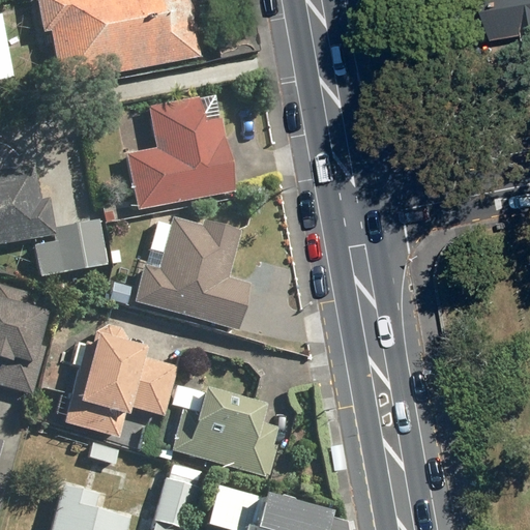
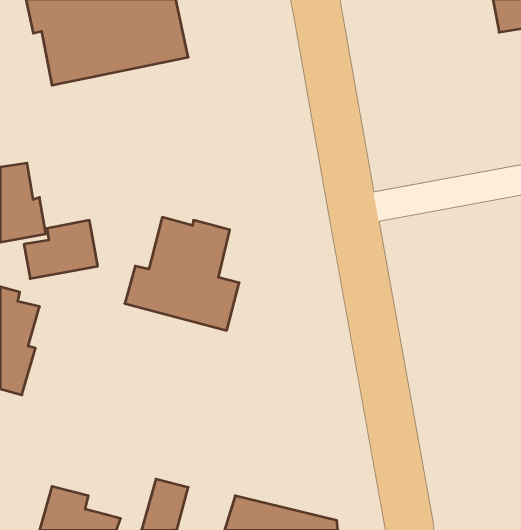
building: [126,96,234,209] -> none
building: [64,322,177,436] -> none
building: [171,388,277,474] -> none

